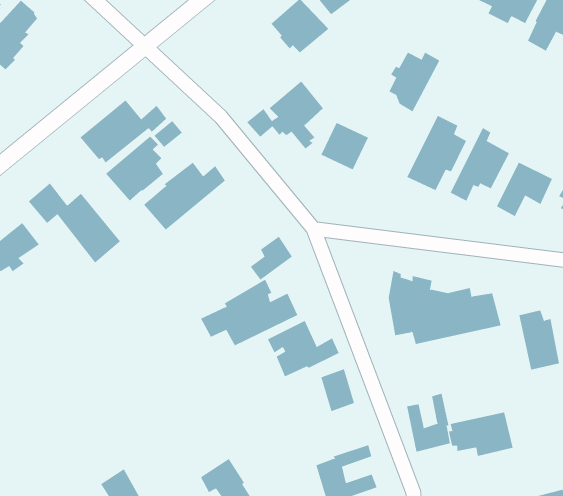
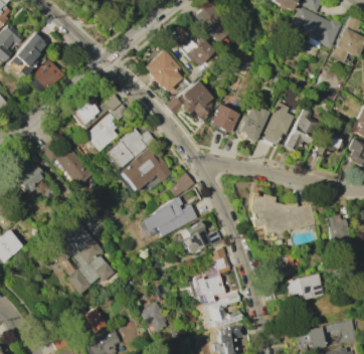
building: none -> [145,50,183,92]
building: none -> [28,60,65,94]
building: [389,52,440,112] -> [239,108,269,143]
building: none -> [121,144,172,191]
building: none -> [55,223,115,295]
building: [406,393,451,453] -> none
building: none -> [194,276,225,305]

